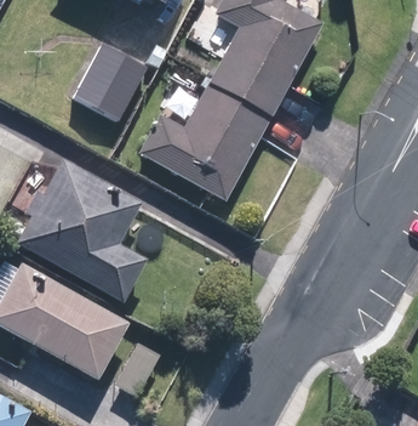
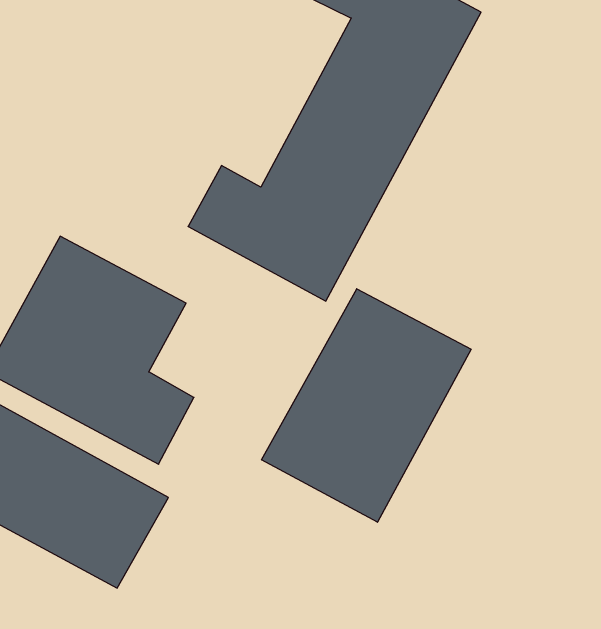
building: [76,45,145,119] -> none
building: none -> [262,289,471,522]

